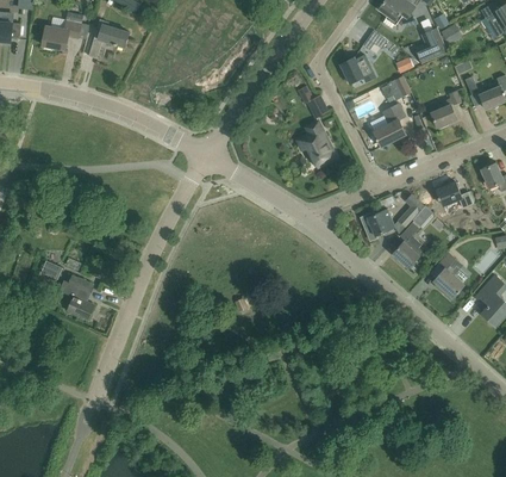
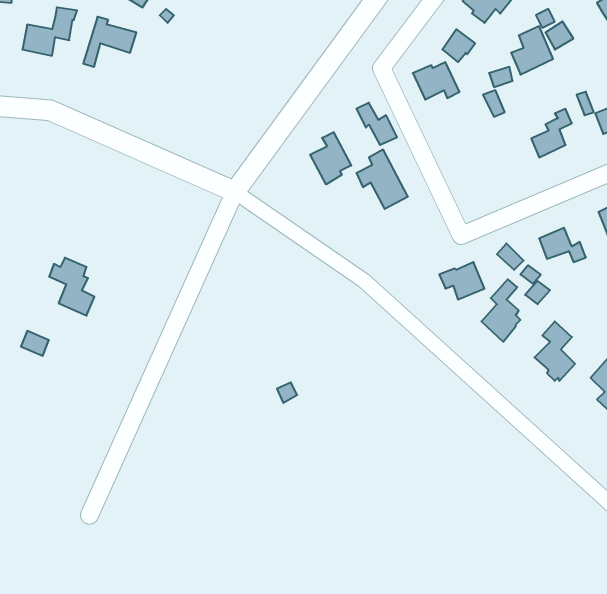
building: [374,104,405,147] -> none
building: none -> [310,132,351,184]
building: [60,275,94,320] -> [49,258,94,316]

